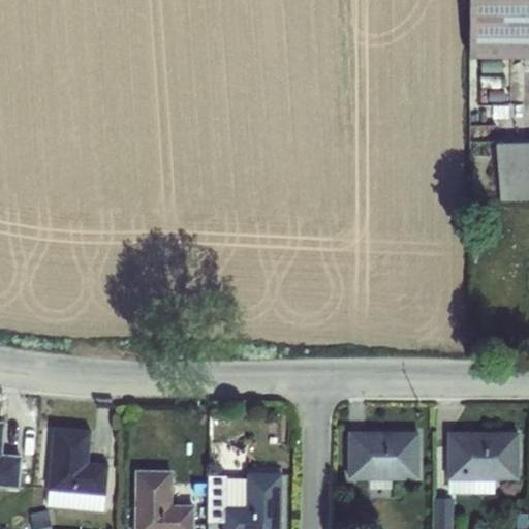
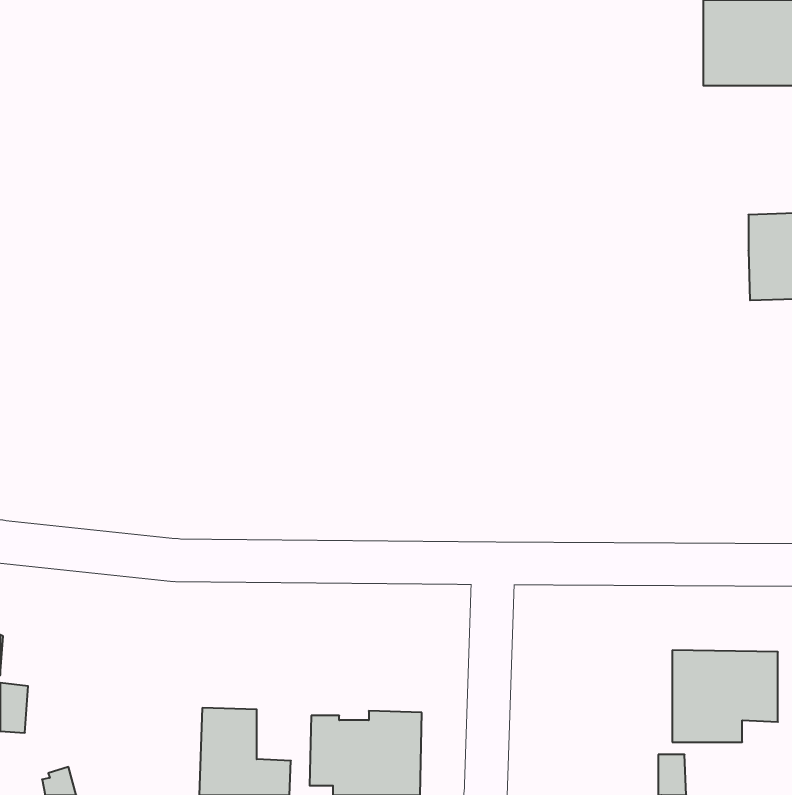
building: [48,426,108,510] -> none
building: [349,432,418,489] -> none

